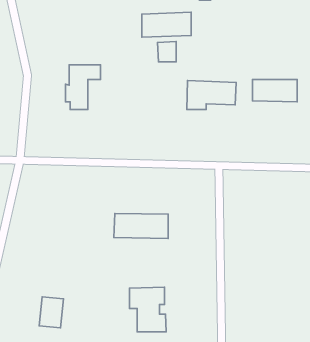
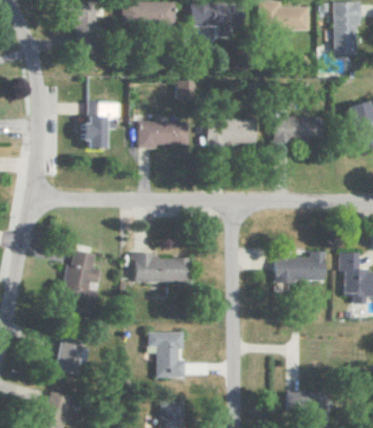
building: [142,12,191,37] -> [138,120,189,146]
building: none -> [60,250,99,302]
building: none -> [276,250,327,283]

